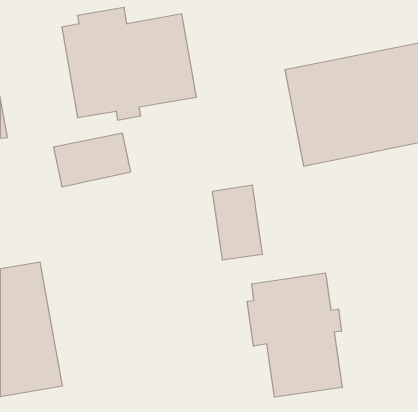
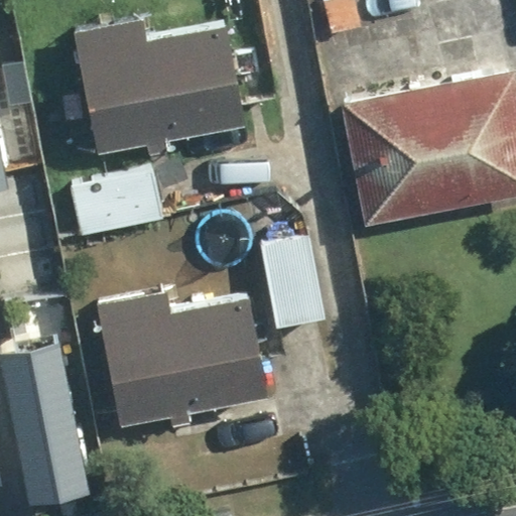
building: none -> [96,292,268,422]
building: [247,273,342,397] -> none

